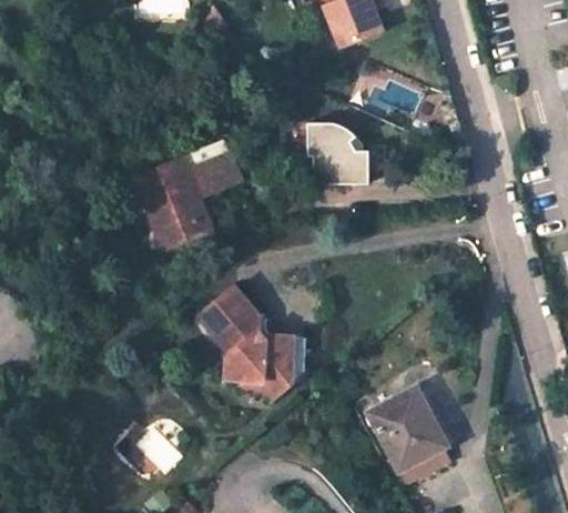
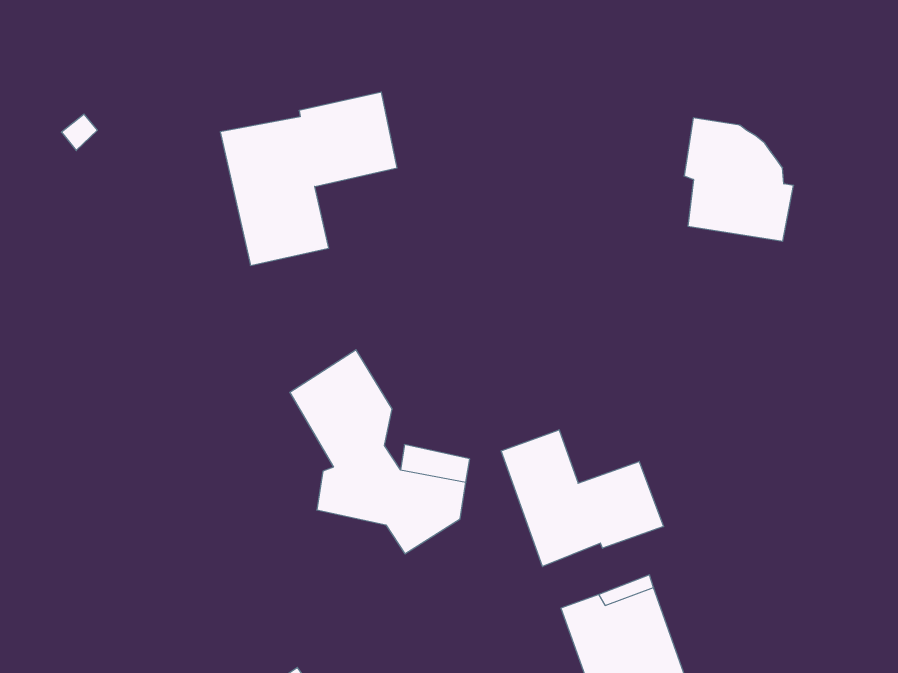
building: [305,122,367,183] -> [684,118,794,241]
building: none -> [501,430,664,567]

